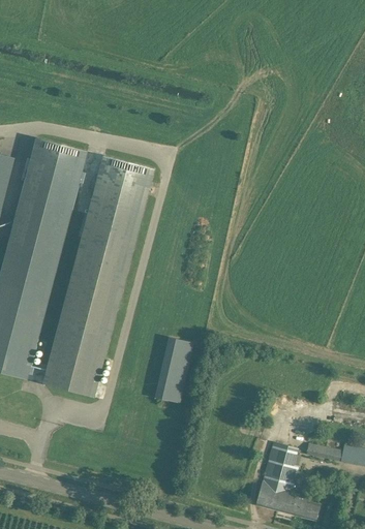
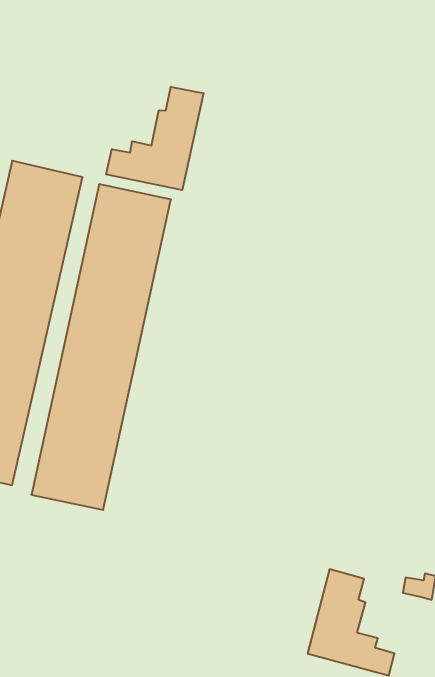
building: none -> [106,87,203,190]
building: [151,338,190,405] -> none

